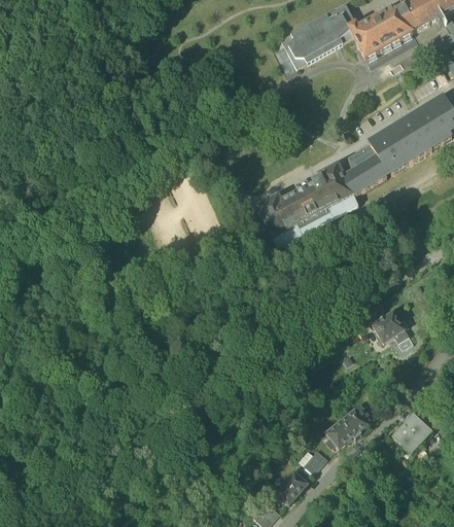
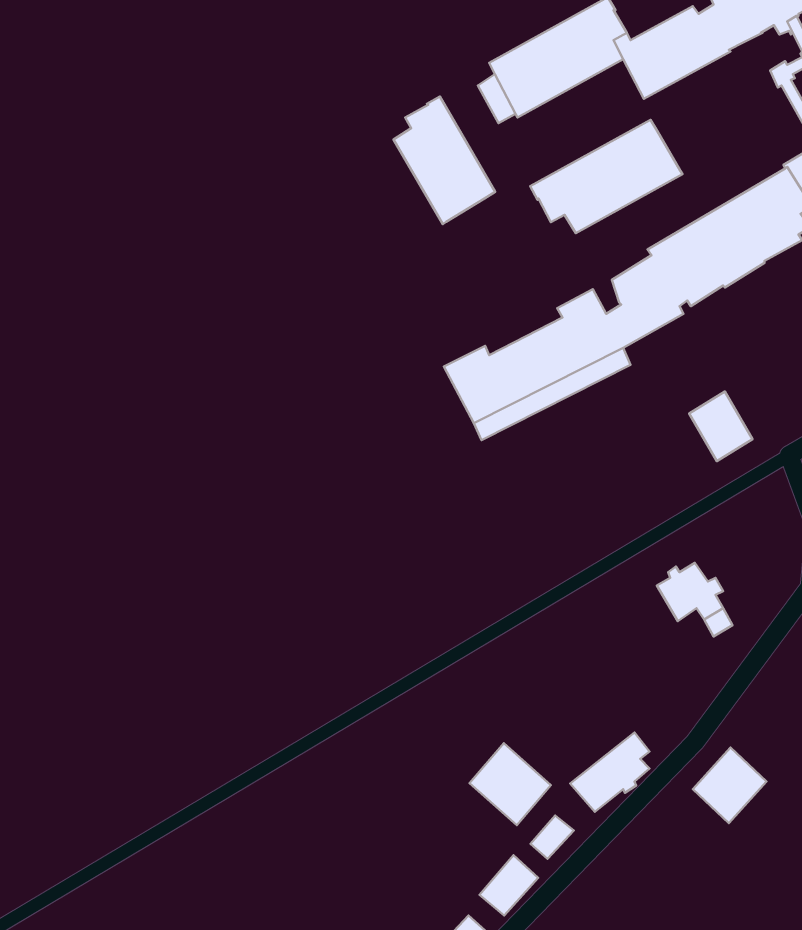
building: none -> [393,96,495,224]
building: none -> [530,120,682,233]
building: none -> [689,391,752,461]
building: none -> [470,743,551,825]

